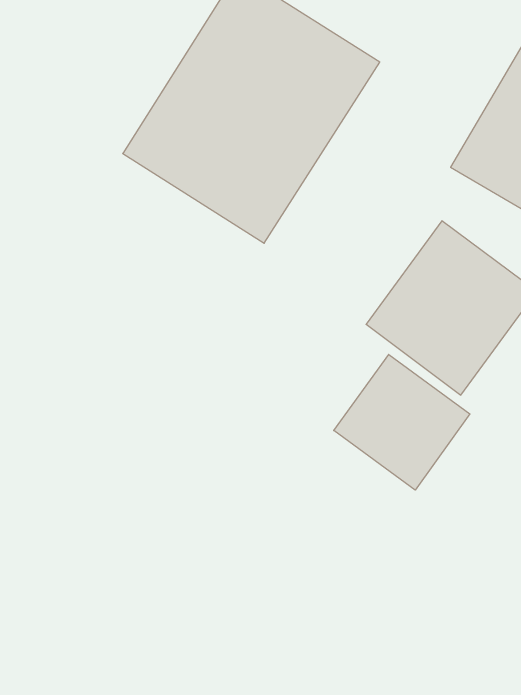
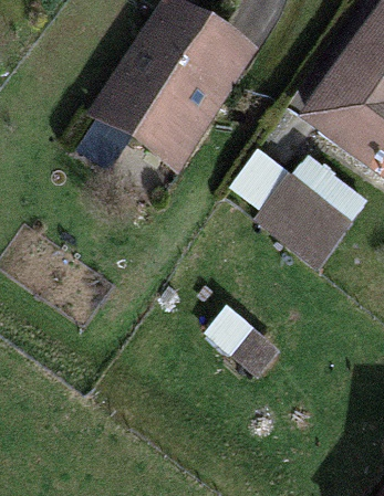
building: [334,354,470,490] -> none

